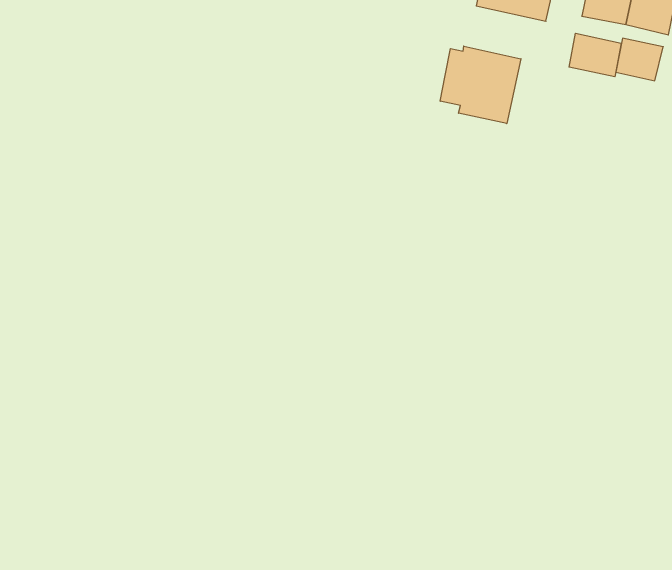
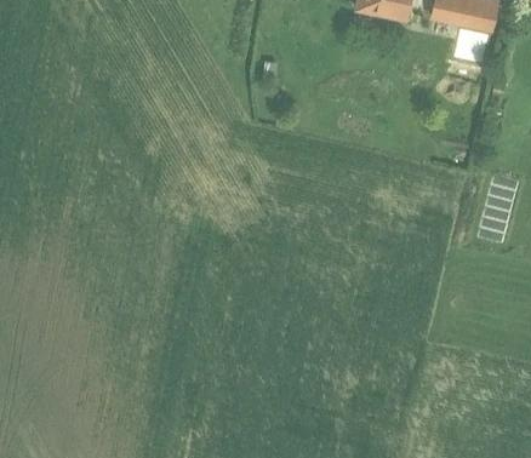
building: [569,33,621,77] -> none
building: [440,46,521,124] -> none

